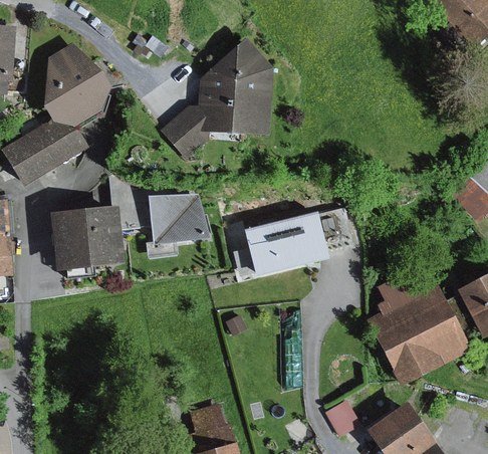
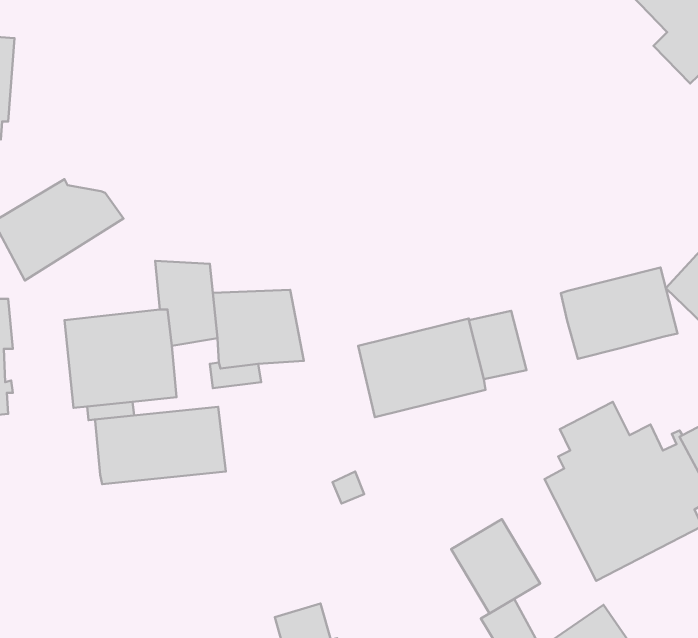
building: [161,38,273,160] -> none
building: [41,43,111,129] -> none
building: none -> [561,268,677,359]
building: none -> [95,407,226,484]
building: none -> [451,519,540,614]

